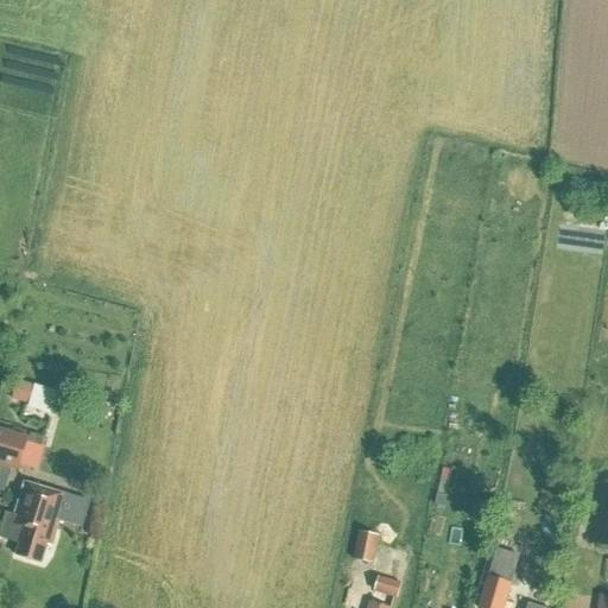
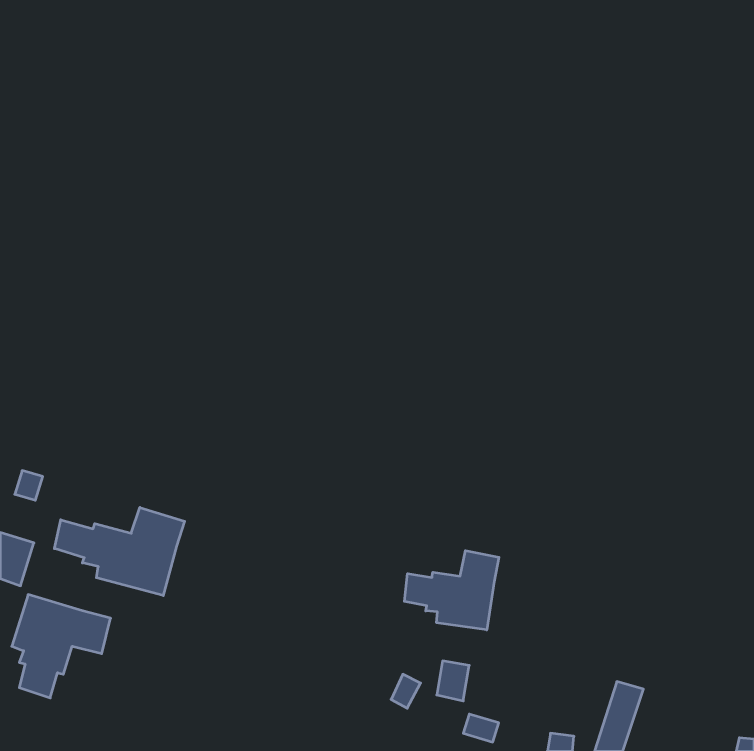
building: none -> [54,507,185,596]
building: none -> [404,551,499,630]

